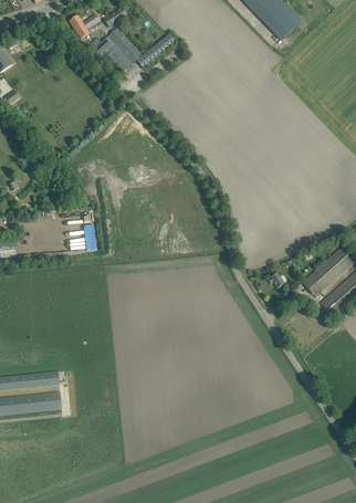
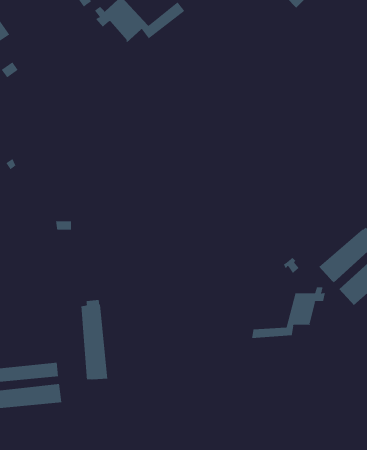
building: none -> [251,286,326,339]
building: none -> [81,299,108,381]

